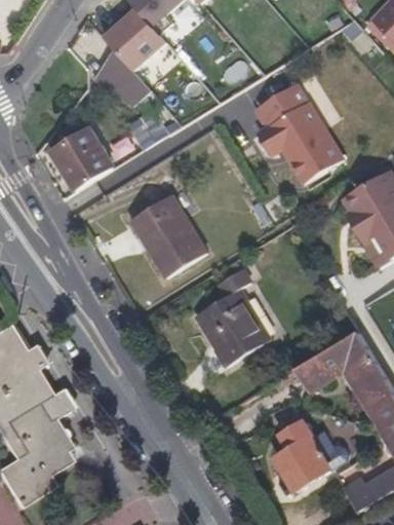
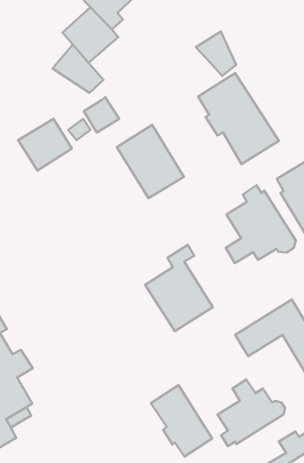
building: none -> [196,31,236,76]
building: [131,191,205,272] -> [117,125,184,198]
building: none -> [226,185,296,263]
building: none -> [151,385,212,457]

